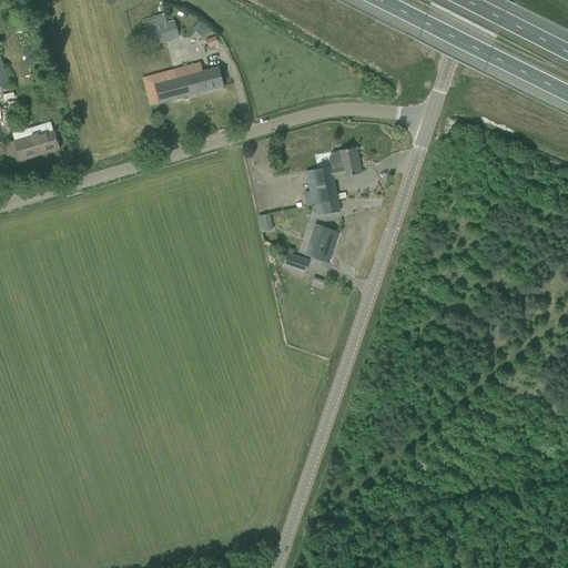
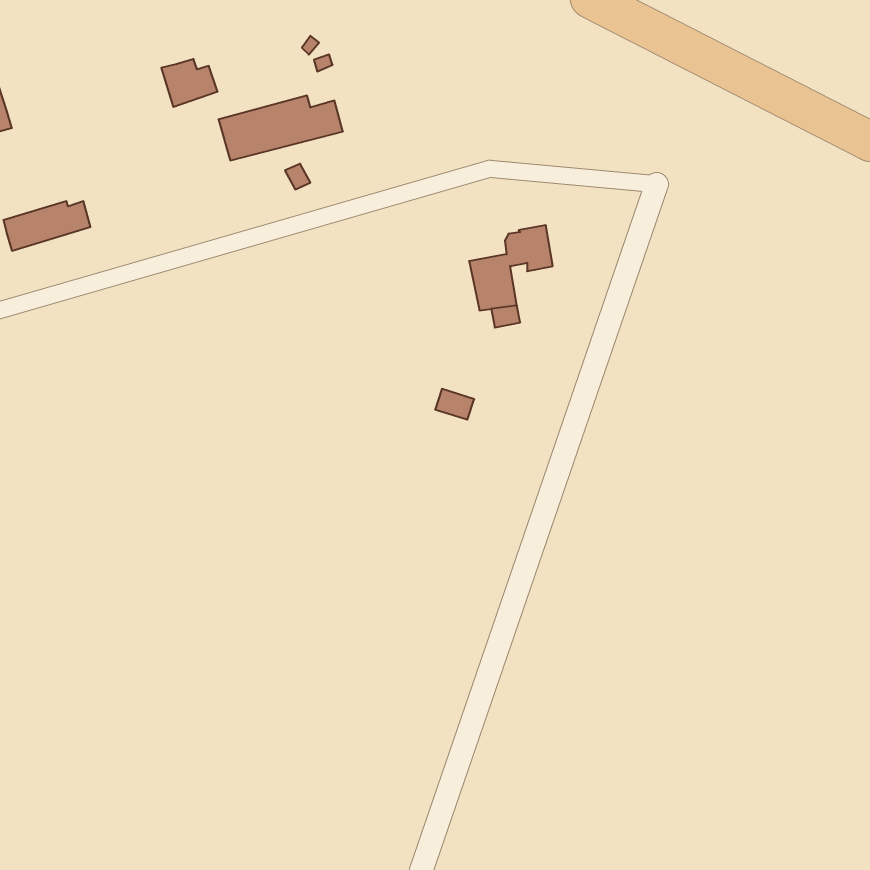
building: [142,16,179,47] -> [161,59,218,107]
building: [311,226,337,261] -> none

